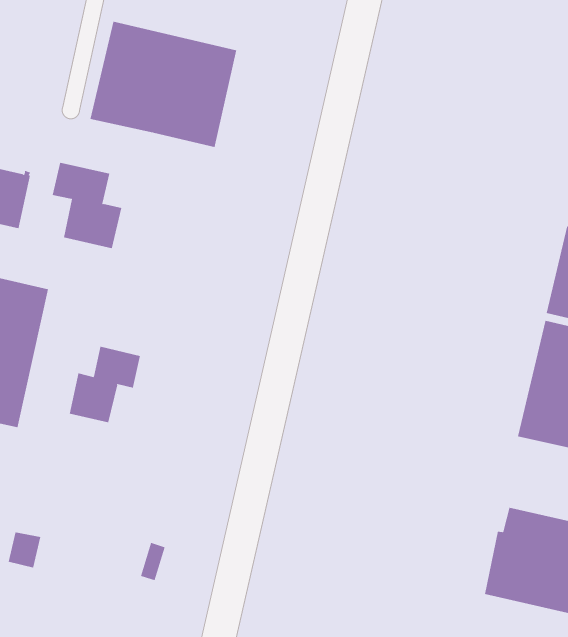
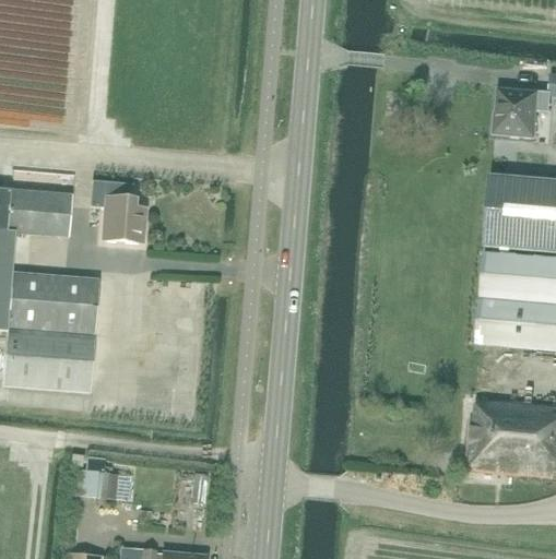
building: [90,21,237,148] -> none
building: [69,346,141,423] -> none

